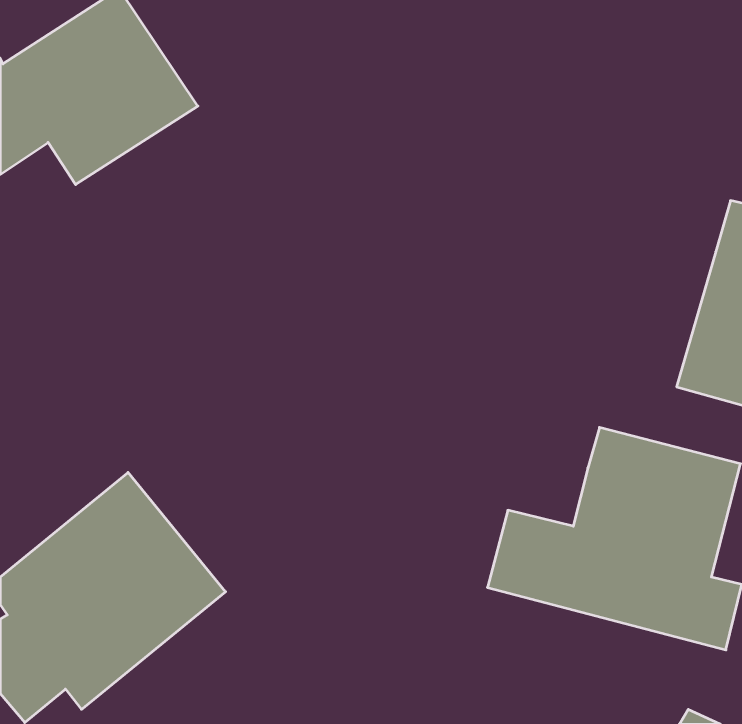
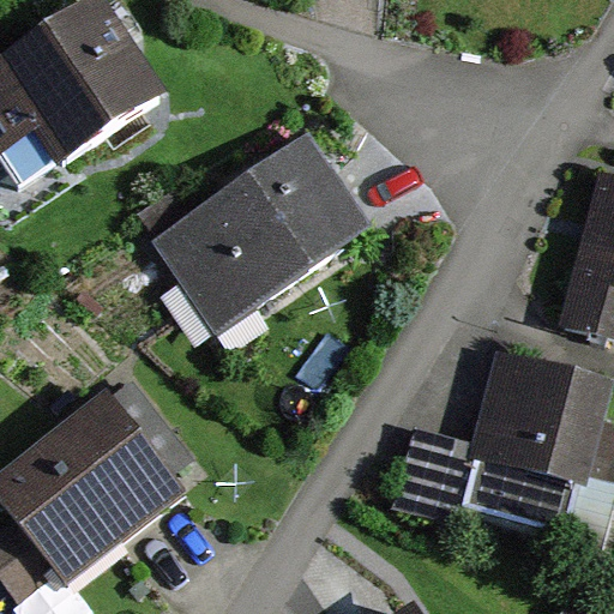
building: none -> [154,136,367,329]

